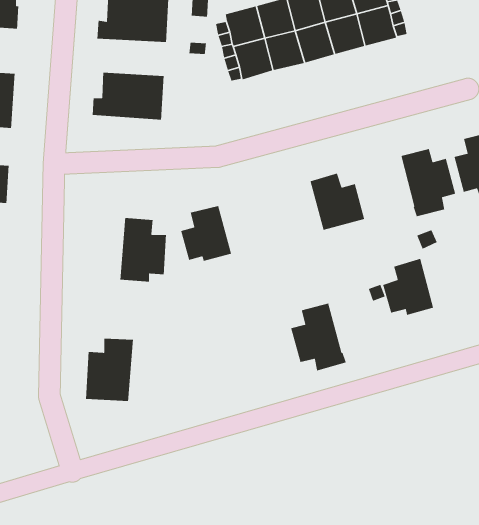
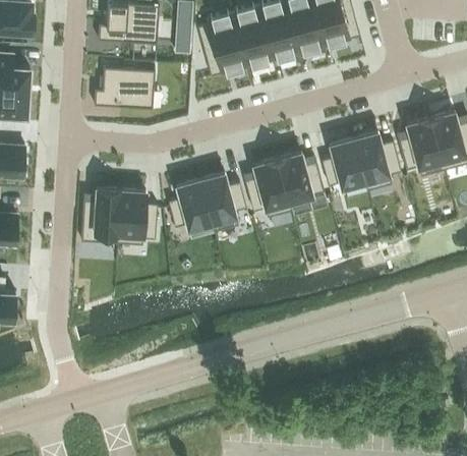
building: none -> [200,173,246,231]
building: [382,258,434,316] -> [320,137,364,186]
building: [290,302,347,371] -> [244,159,292,217]
building: [85,338,134,402] -> [80,188,121,242]

